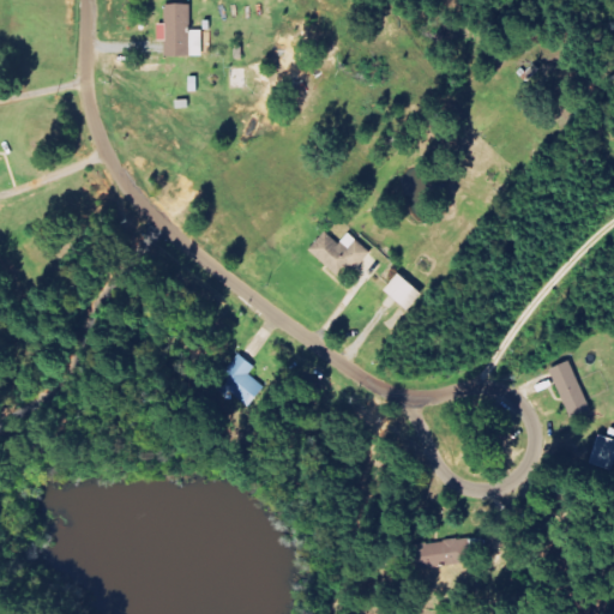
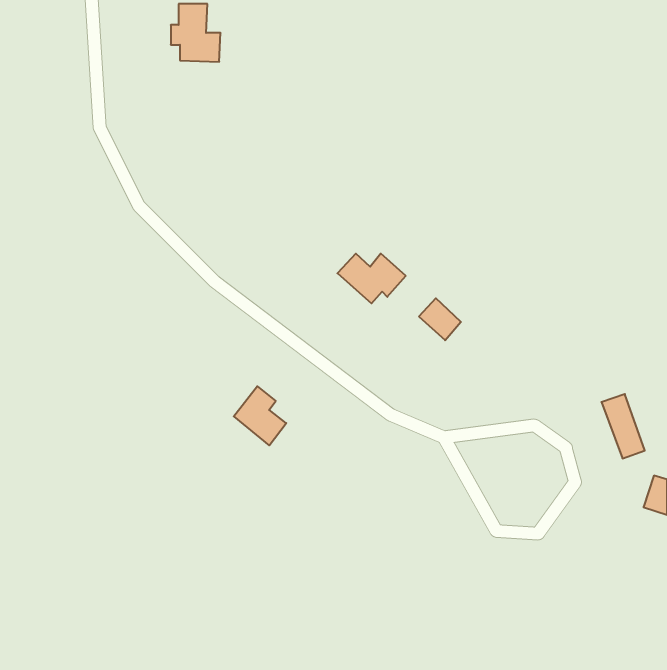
building: [409,537,480,570] -> none

